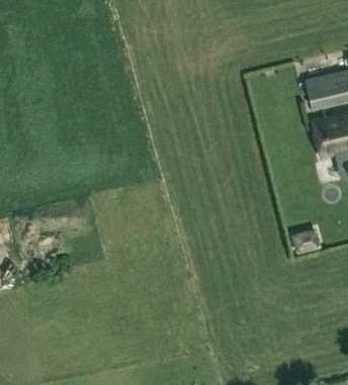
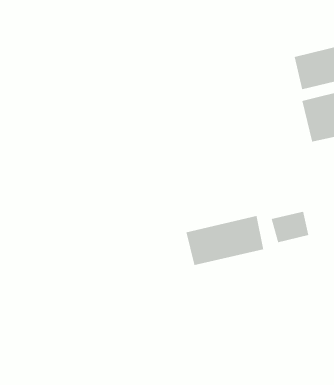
building: none -> [186,215,264,266]

